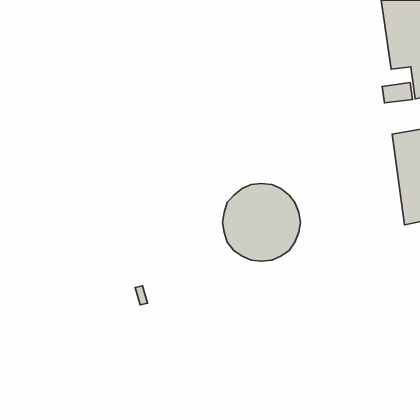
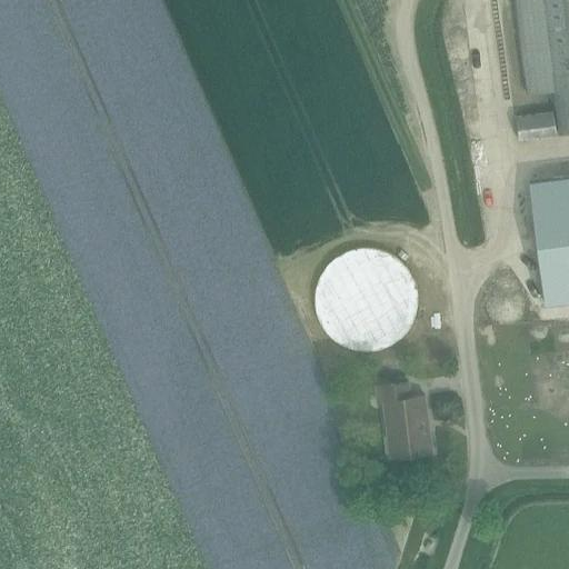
building: none -> [377,383,432,456]

